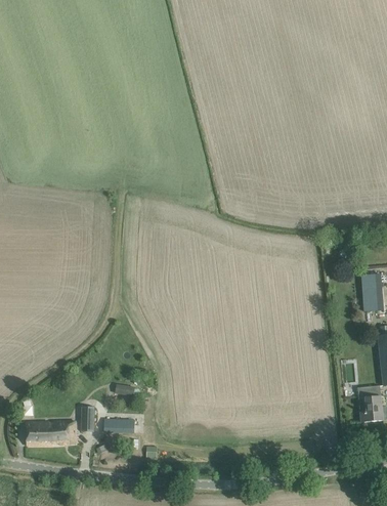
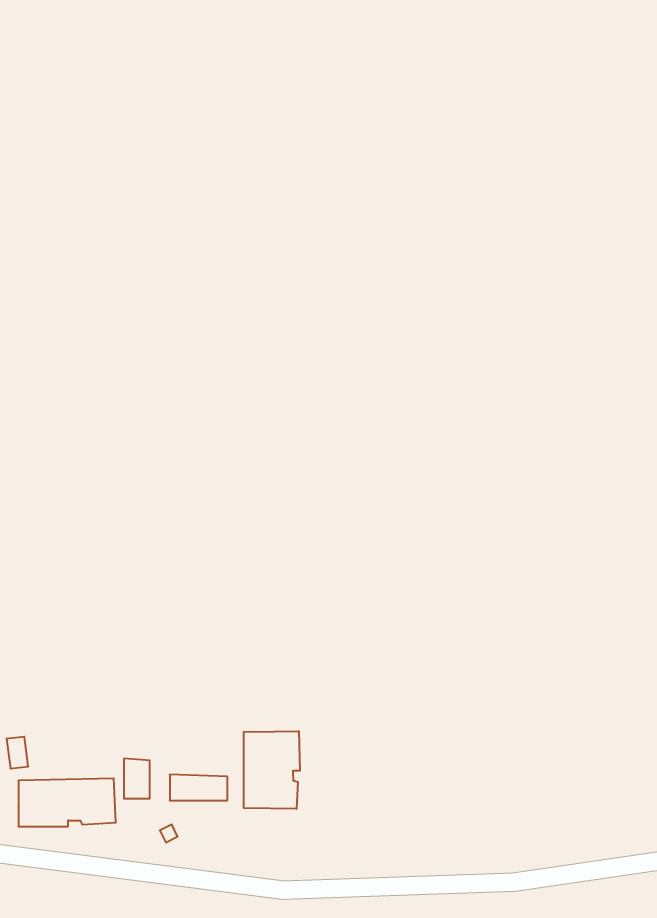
building: none -> [244,731,300,809]

